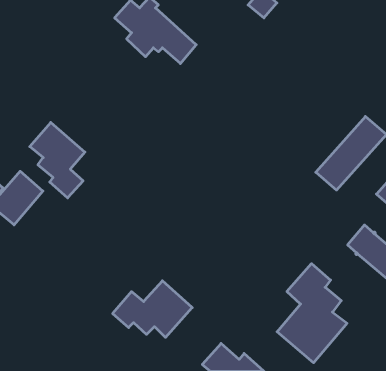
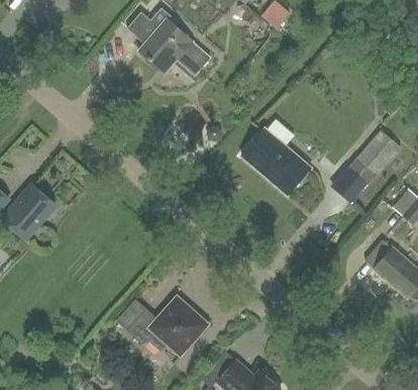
building: none -> [241,129,310,196]
building: [30,122,85,198] -> none
building: [277,264,347,363] -> none

